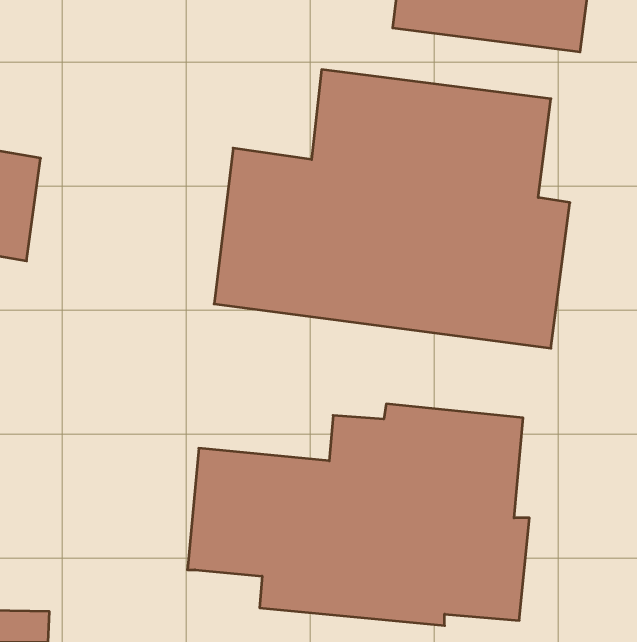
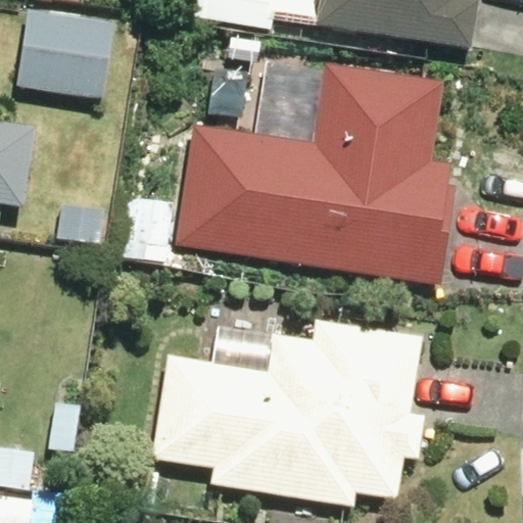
building: none -> [16,8,117,97]

